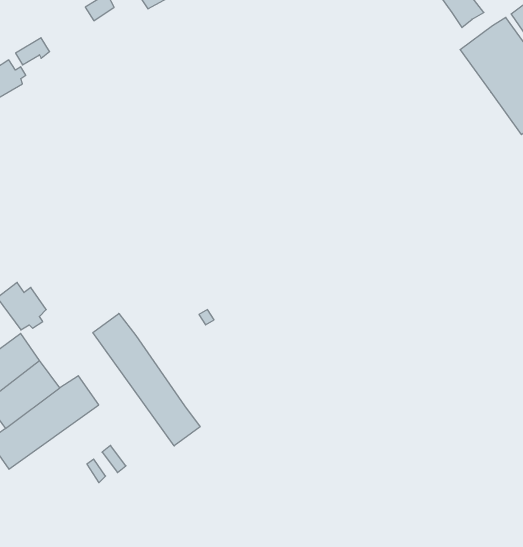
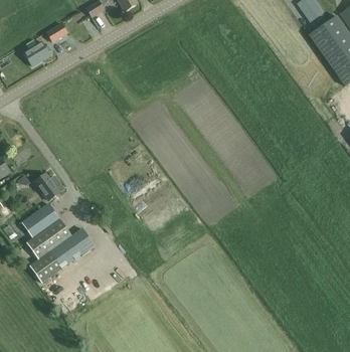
building: [93,313,200,446] -> none

